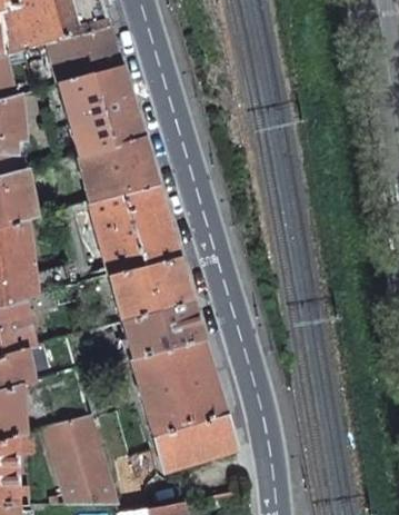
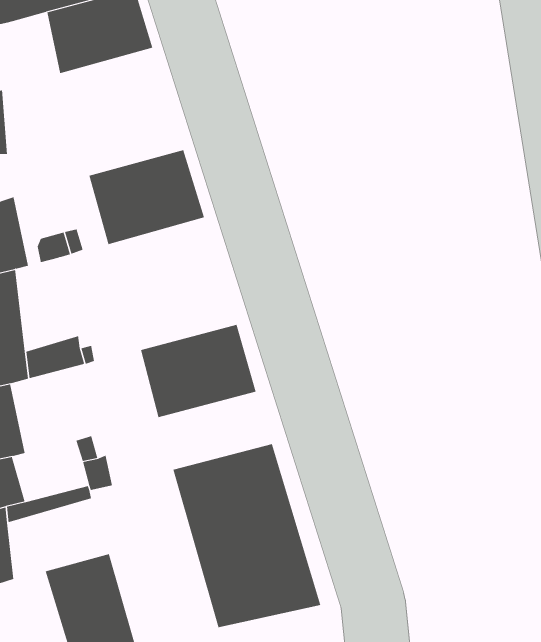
building: [57,67,142,155] -> none
building: [90,184,179,275] -> none
building: [124,304,203,357] -> none

